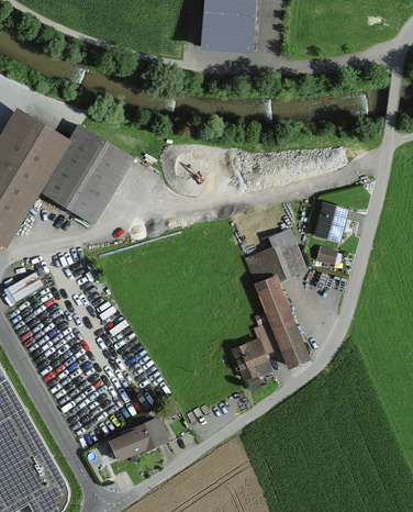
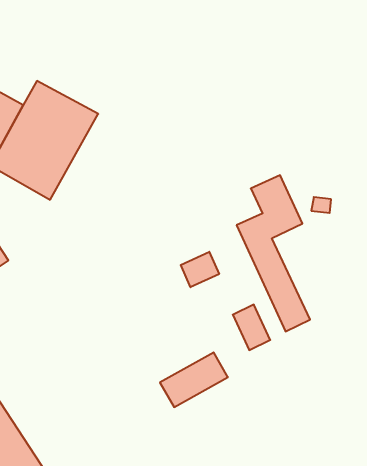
building: [314,204,346,243] -> none
building: none -> [181,252,219,287]
building: [104,419,166,465] -> [160,352,228,407]

